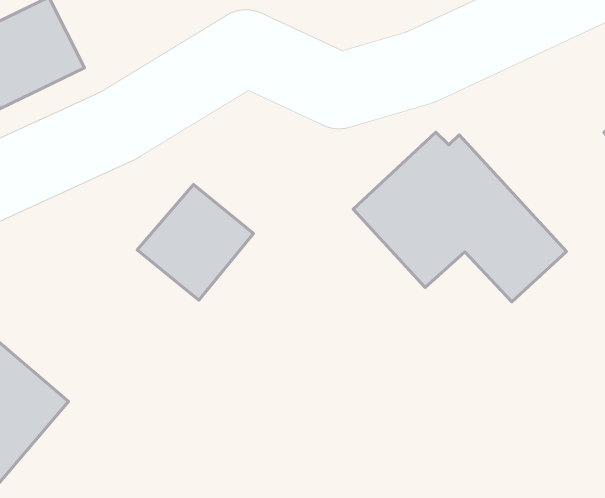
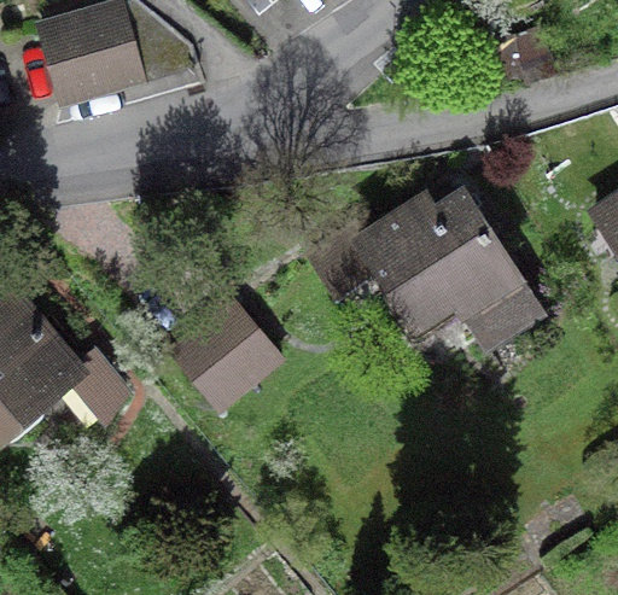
building: [137,184,254,300] -> [171,303,278,407]

